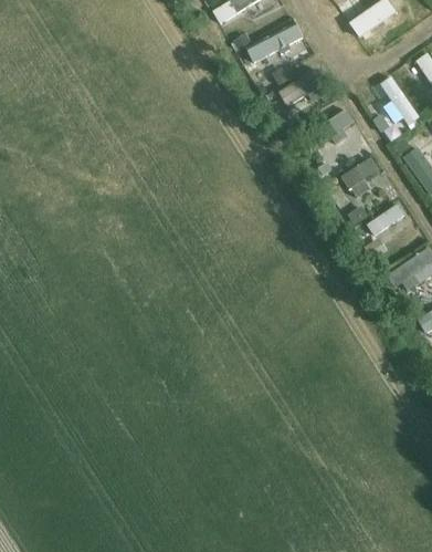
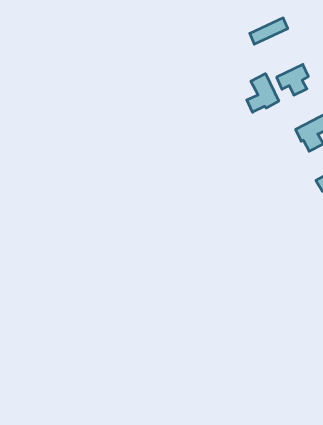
building: none -> [247,74,279,112]

